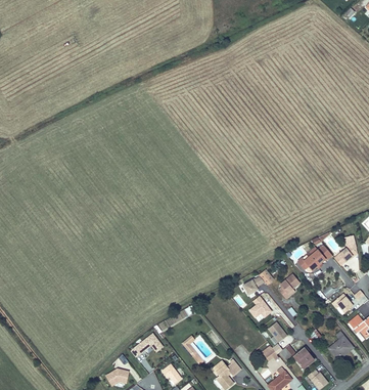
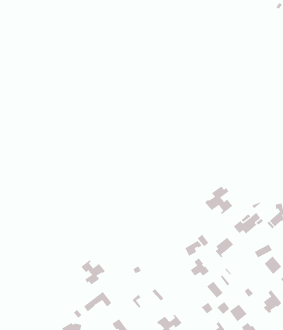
building: none -> [204,186,233,215]
building: none -> [80,259,106,285]

